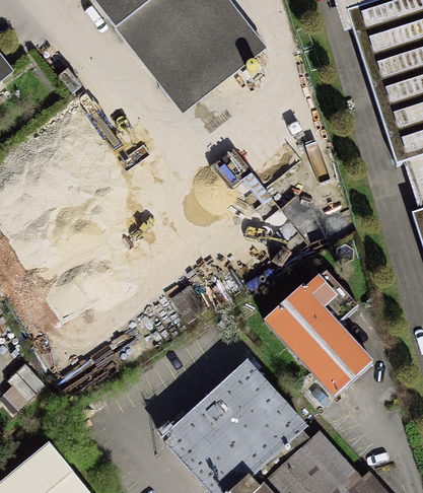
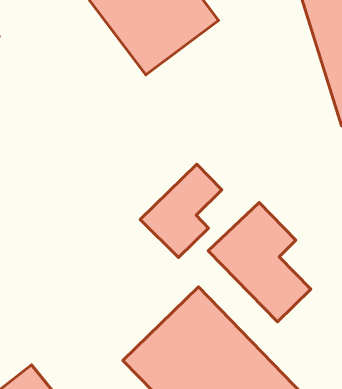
building: none -> [140,164,222,258]

